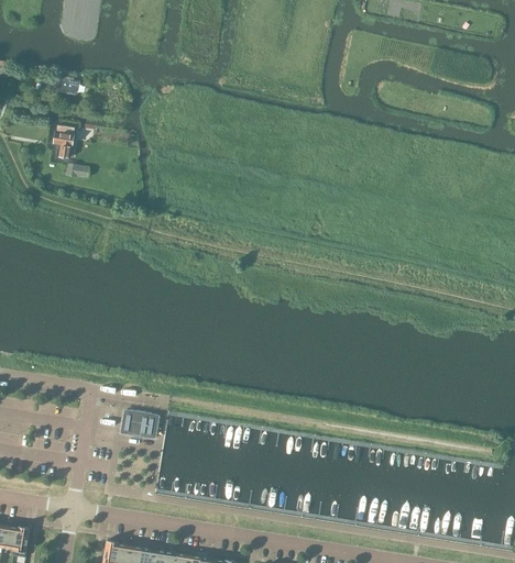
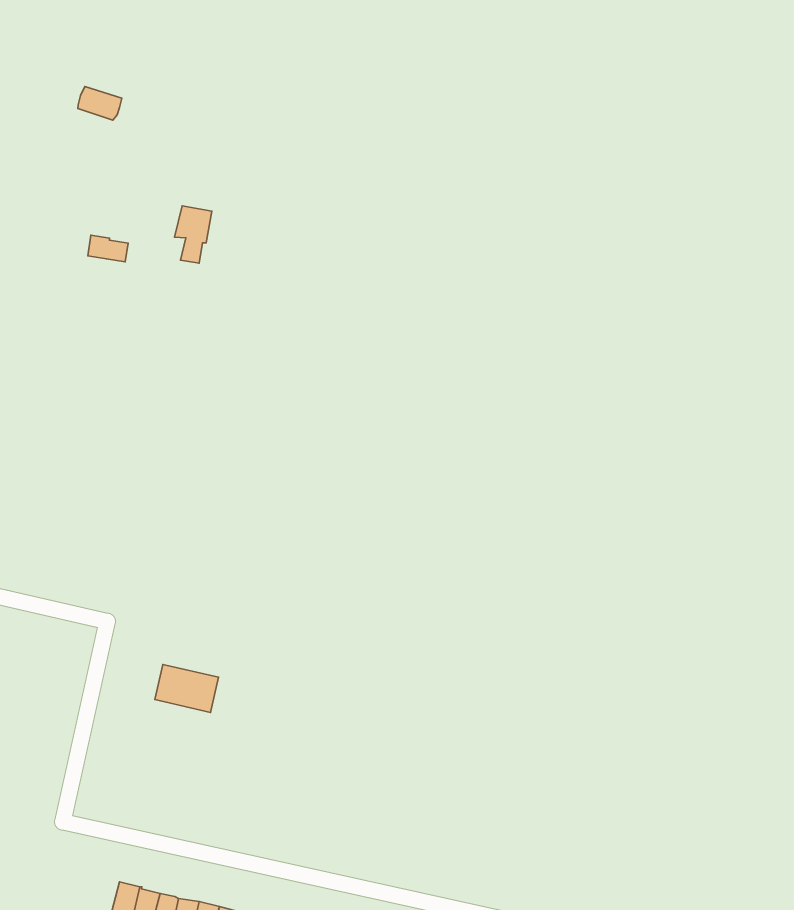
building: [53,126,74,159] -> [174,206,212,263]

